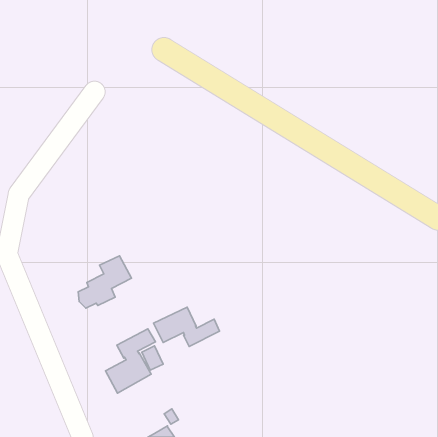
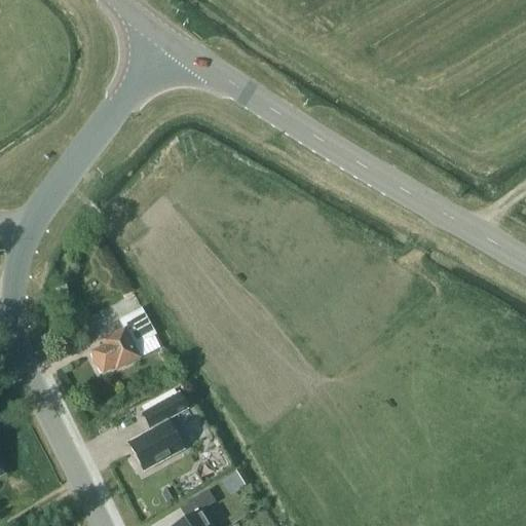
building: [153,307,219,346] -> none

